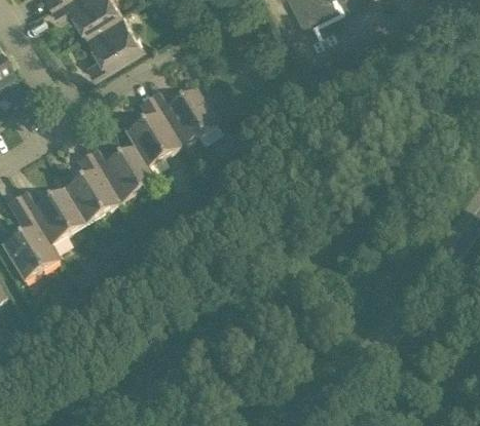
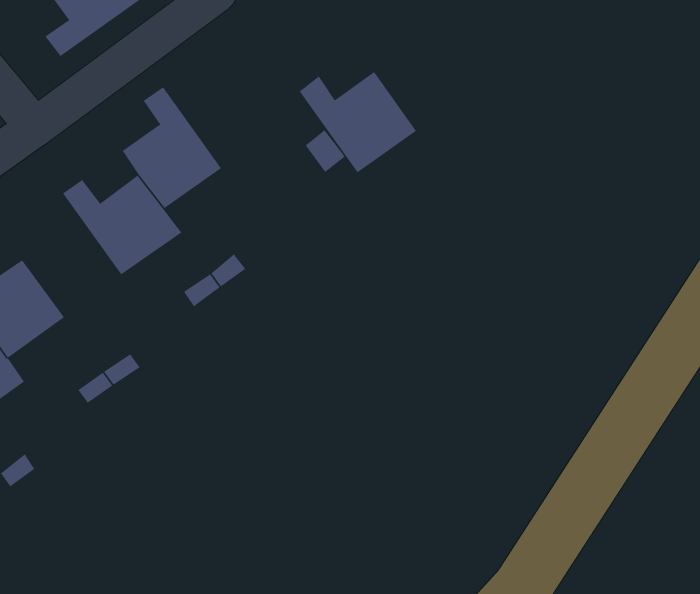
building: [149,89,215,147] -> [299,71,417,173]
building: [61,154,116,225] -> none

